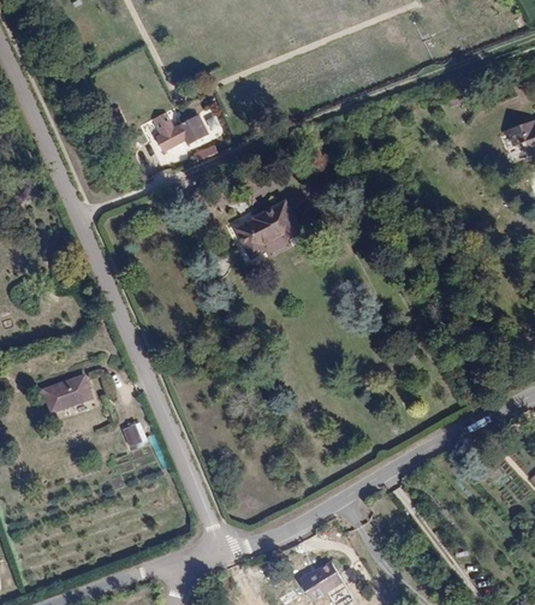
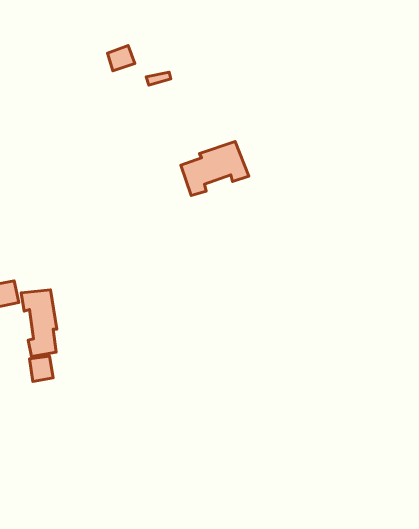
building: [173,115,206,143] -> none
building: none -> [21,290,57,356]

